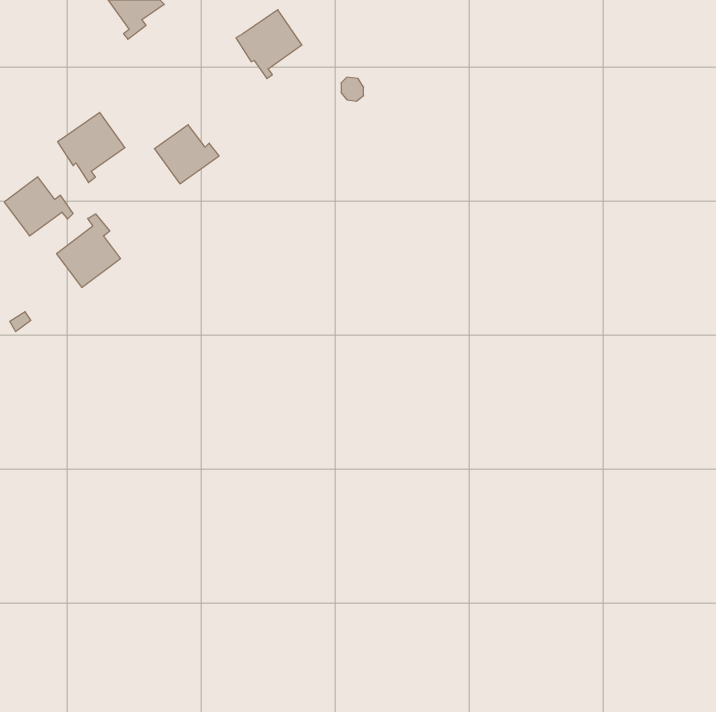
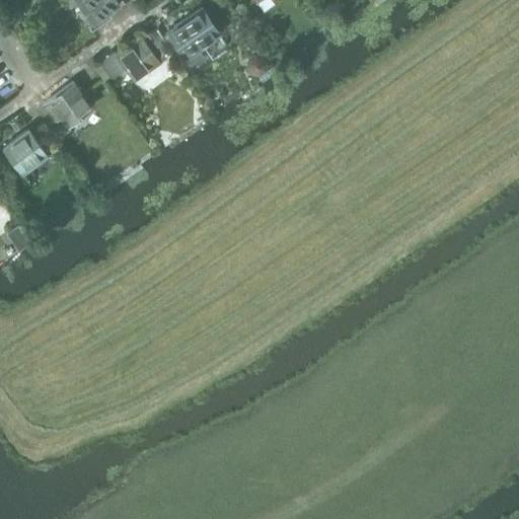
building: [154,125,219,184] -> [117,39,163,81]
building: [57,214,120,287] -> none

